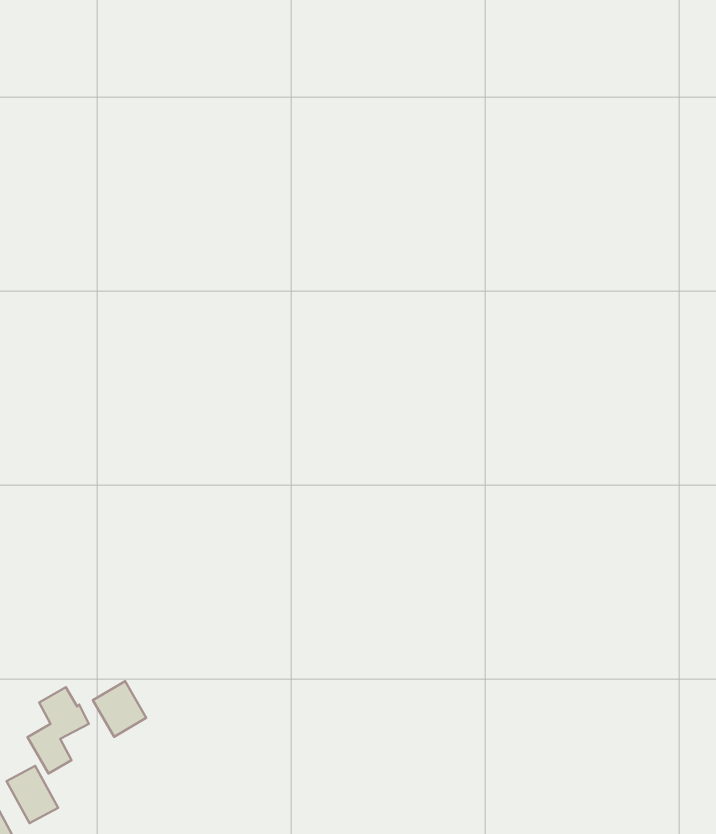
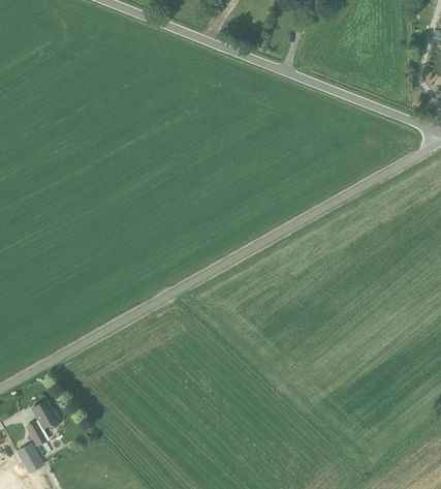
building: [93,681,146,737] -> none

